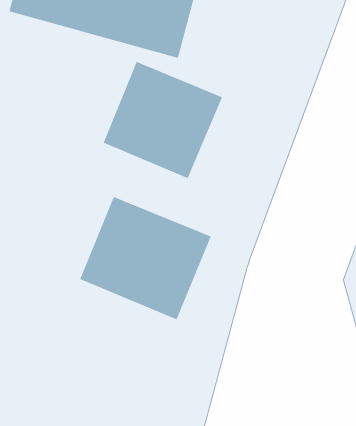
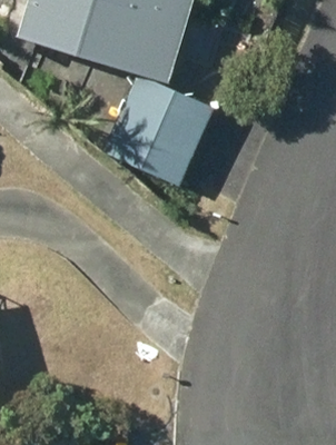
building: [80,196,212,320] -> none

